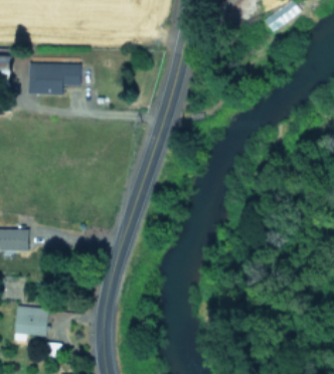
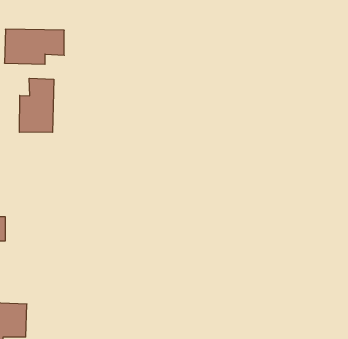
building: none -> [19,78,54,132]

